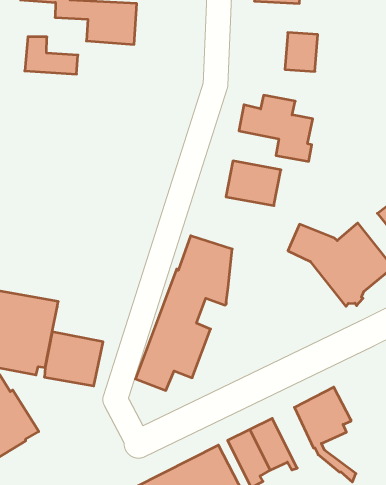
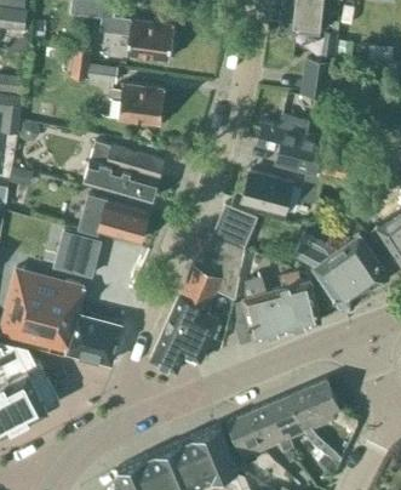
building: none -> [118,85,165,126]
building: none -> [84,142,162,203]
building: none -> [78,195,148,243]
building: none -> [207,205,258,251]
building: none -> [57,233,101,278]
building: none -> [235,273,321,344]
building: none -> [269,397,304,451]

